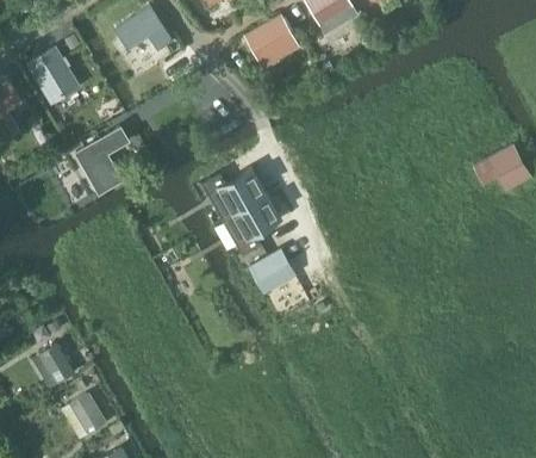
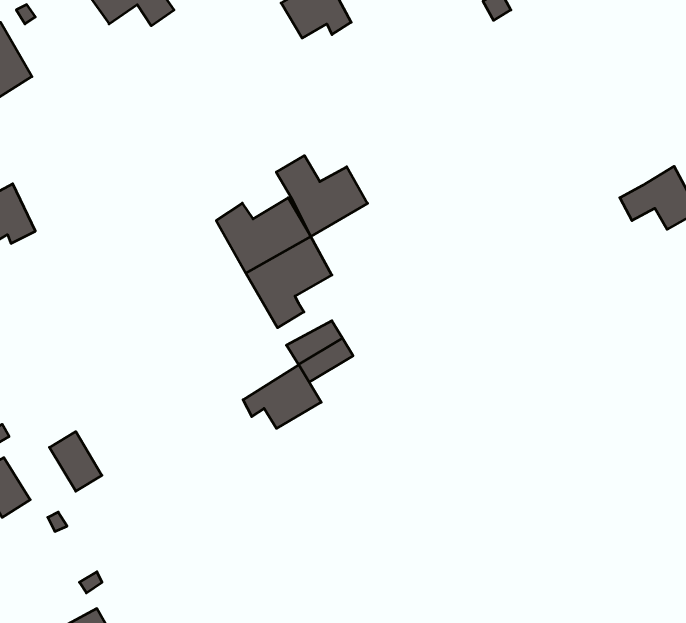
building: [76,128,129,194] -> none
building: none -> [276,156,368,236]
building: none -> [243,365,321,428]
building: [70,395,106,435] -> [49,432,102,491]

